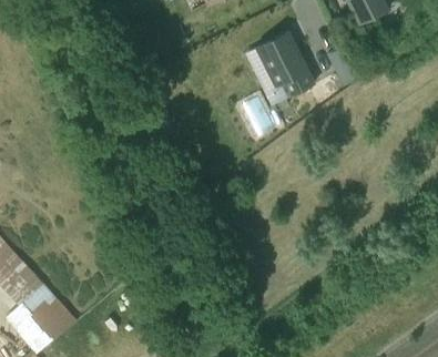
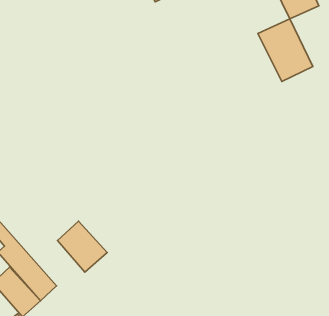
building: [252,29,313,99] -> [258,19,313,82]
building: none -> [58,221,107,272]

